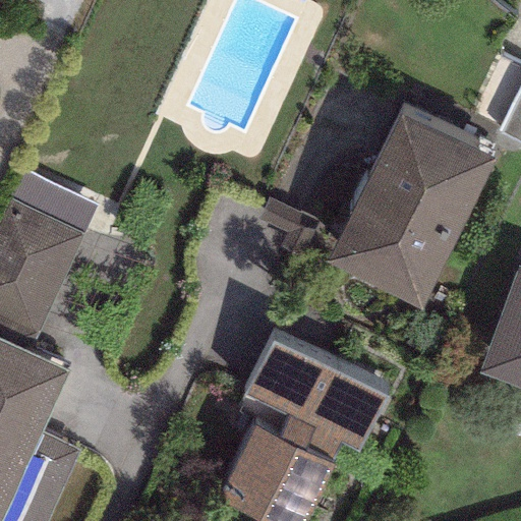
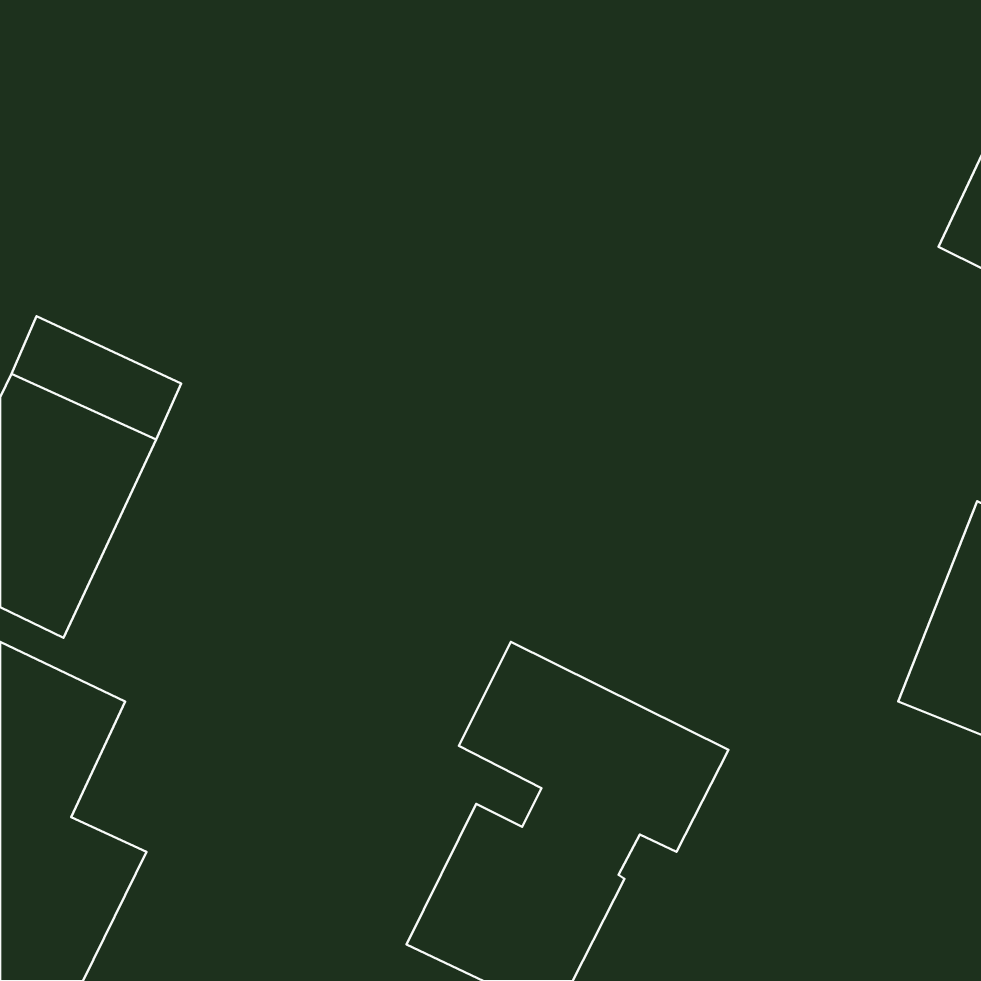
building: [325,111,495,308] -> none

